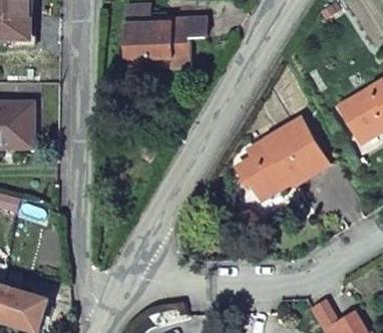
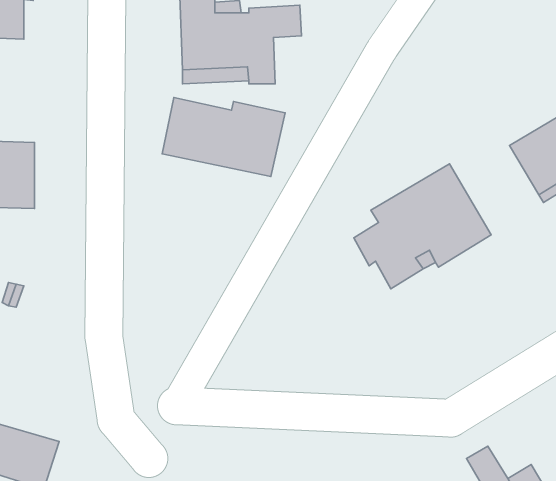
building: none -> [162,97,285,176]

